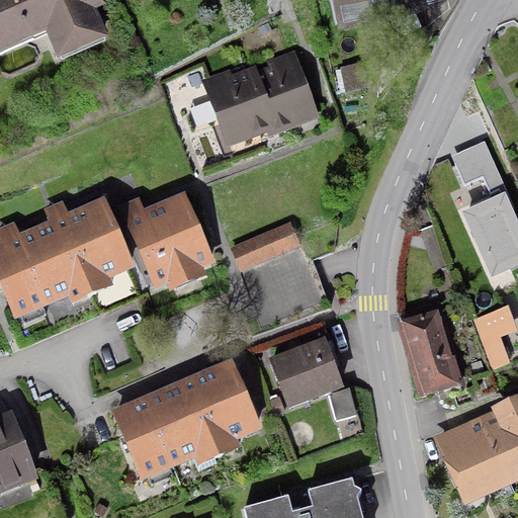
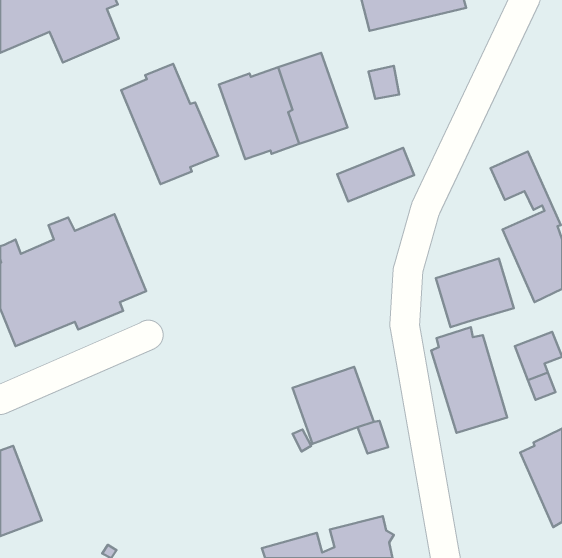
building: none -> [121,64,218,184]
building: [118,192,215,291] -> none
building: [230,221,300,270] -> [337,148,414,202]
building: none -> [436,258,514,327]
building: [111,359,262,482] -> none
building: [433,417,509,506] -> none

